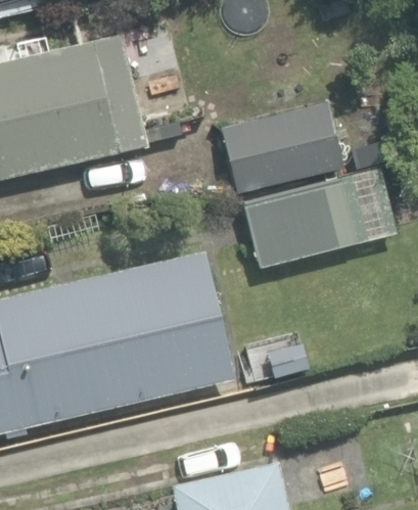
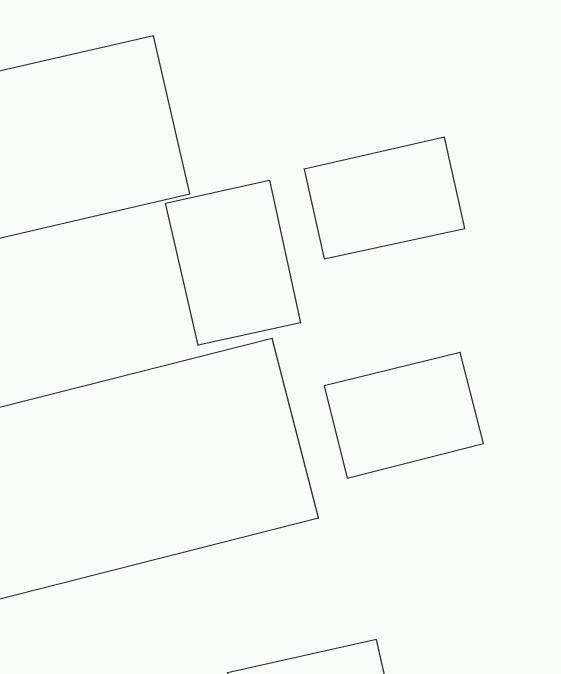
building: none -> [166,180,300,345]
building: [245,181,358,270] -> [324,352,483,478]

